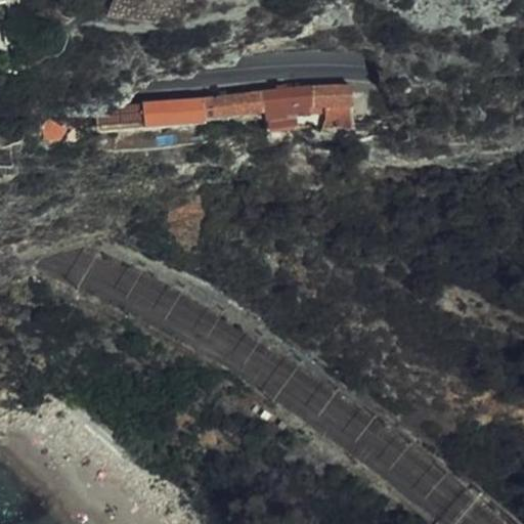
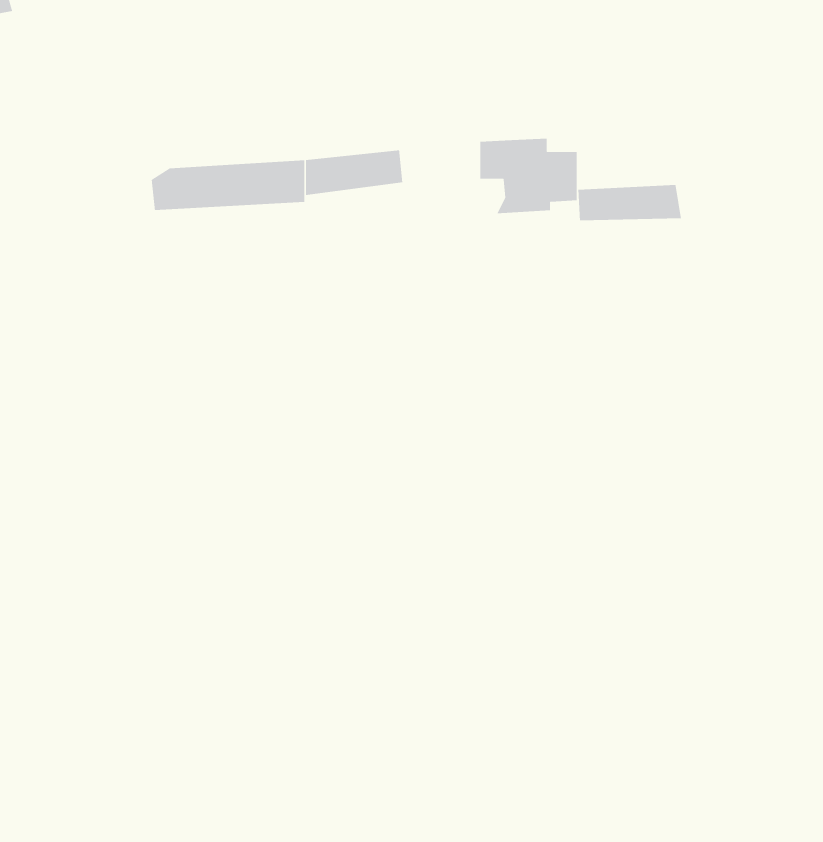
building: [247,87,296,117] -> none
building: none -> [577,184,682,221]

